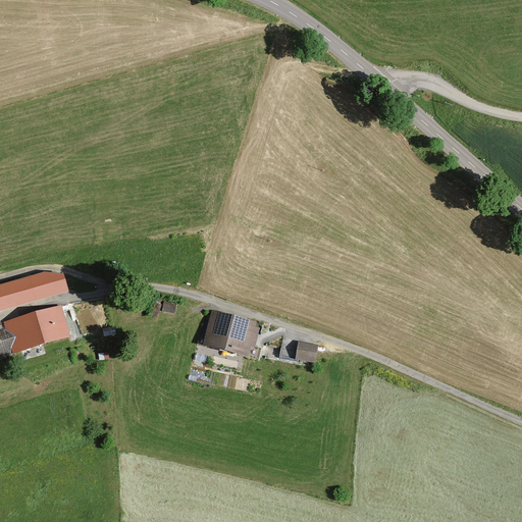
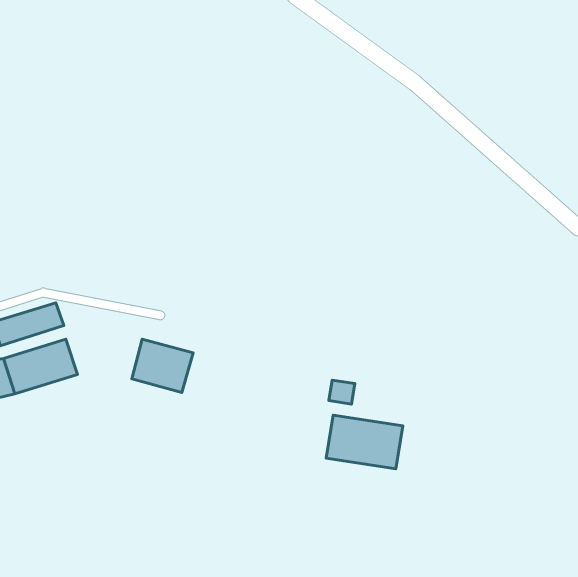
building: [202,309,257,357] -> [132,339,193,393]
building: none -> [326,415,403,469]

